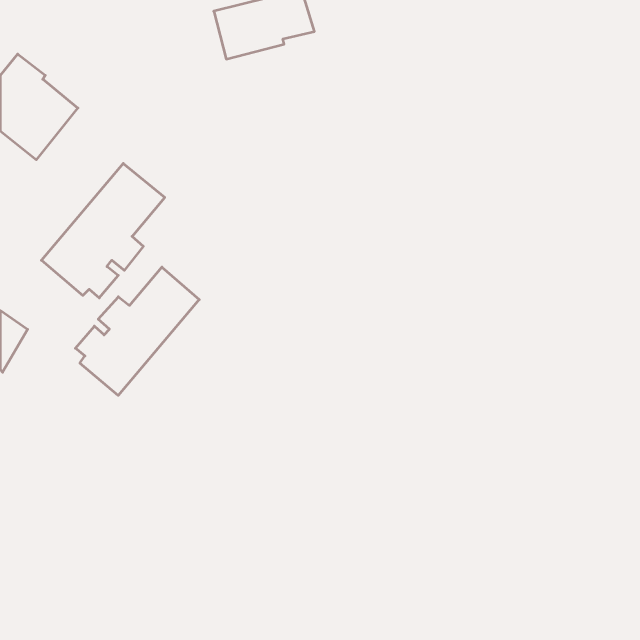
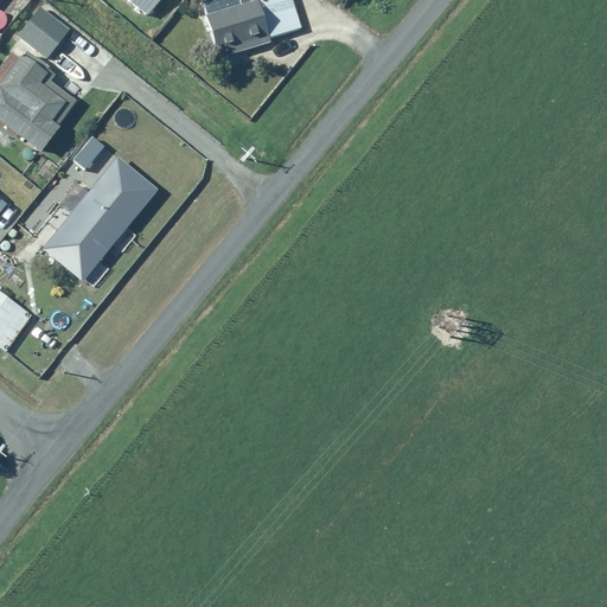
building: none -> [15,5,68,58]
building: [75,267,199,395] -> none

